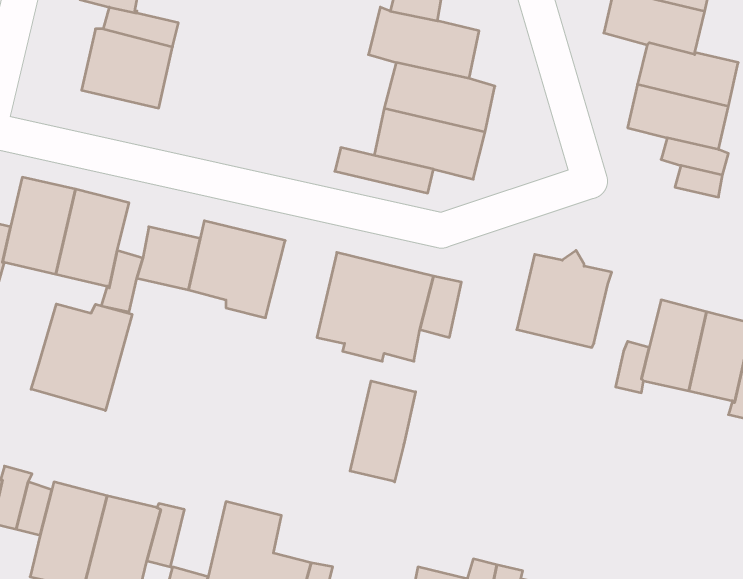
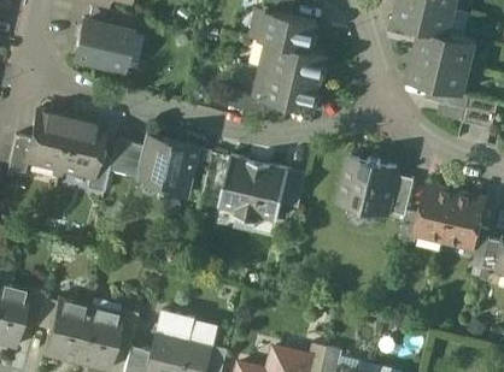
building: none -> [387,176,415,217]
building: [31,304,132,411] -> none
building: [350,381,416,482] -> none

